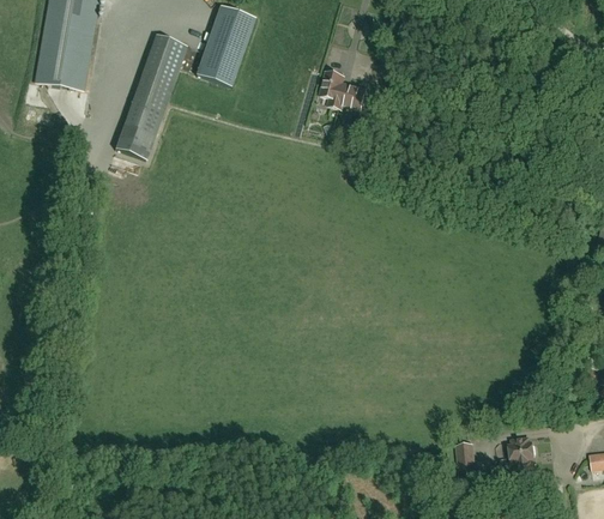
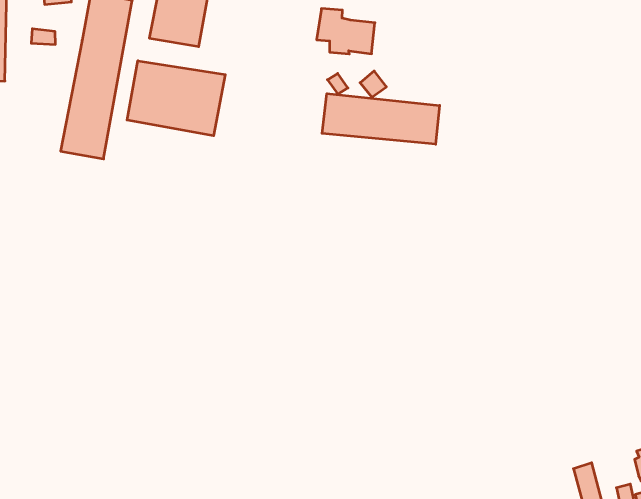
building: none -> [127,61,225,136]
building: none -> [322,94,440,144]

